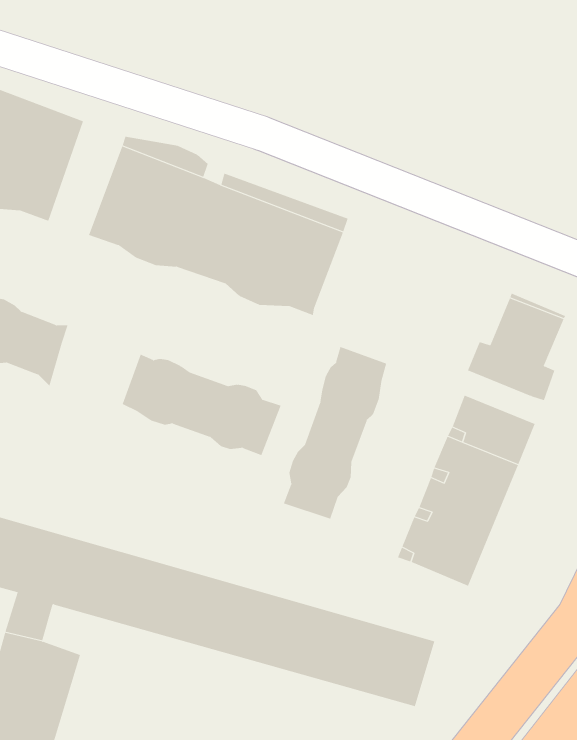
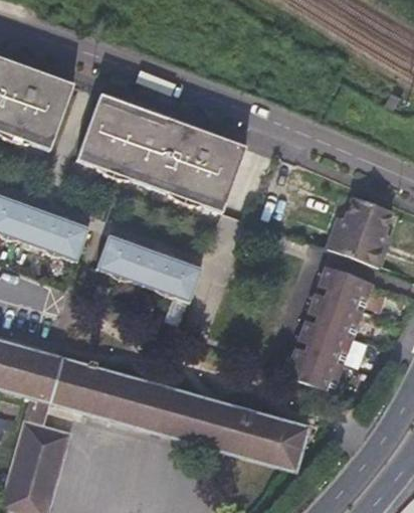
building: none -> [51,216,91,264]
building: [283,346,387,519] -> none

